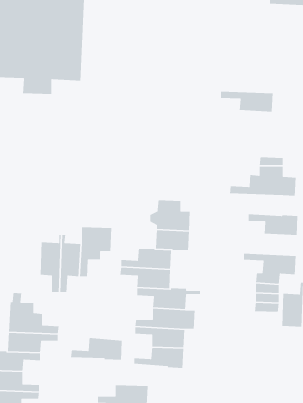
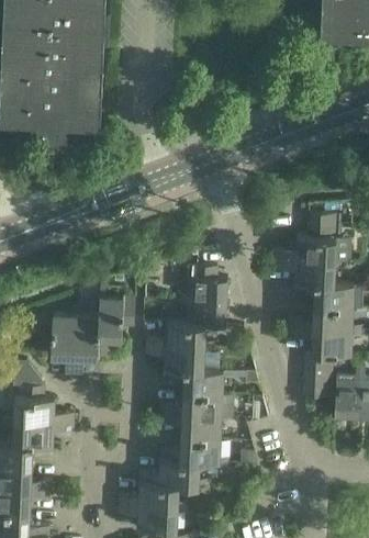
building: [220,91,274,112] -> [273,259,336,284]
building: none -> [290,306,354,332]
building: [70,337,123,361] -> [139,459,201,486]

